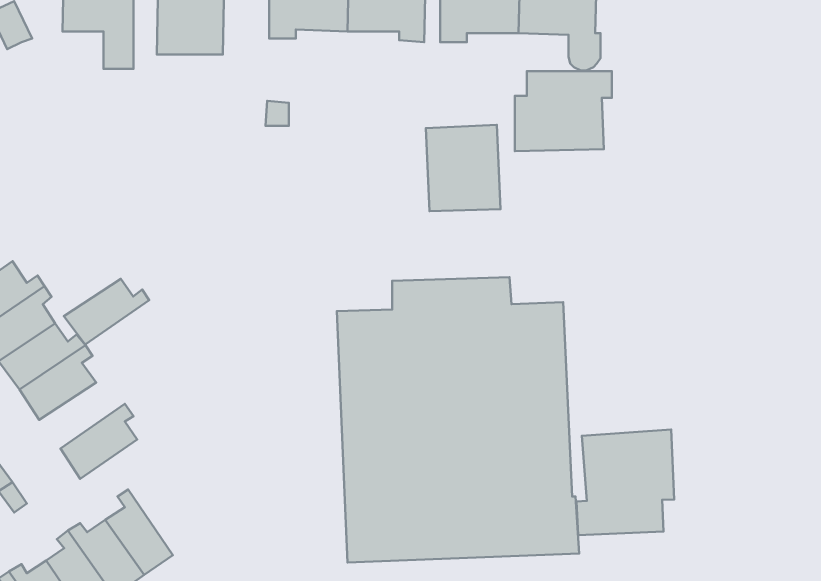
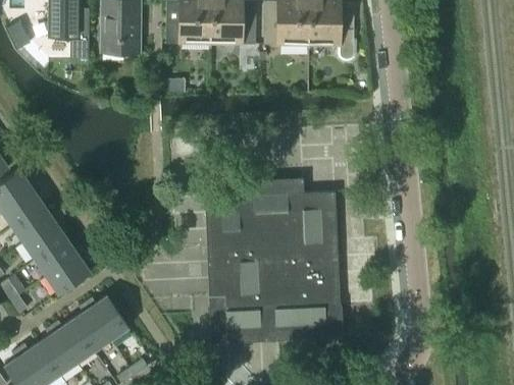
building: [515,71,612,151] -> none
building: [426,125,500,211] -> none
building: [64,279,149,345] -> [35,240,84,278]
building: [577,430,674,535] -> none
building: none -> [86,295,128,339]

